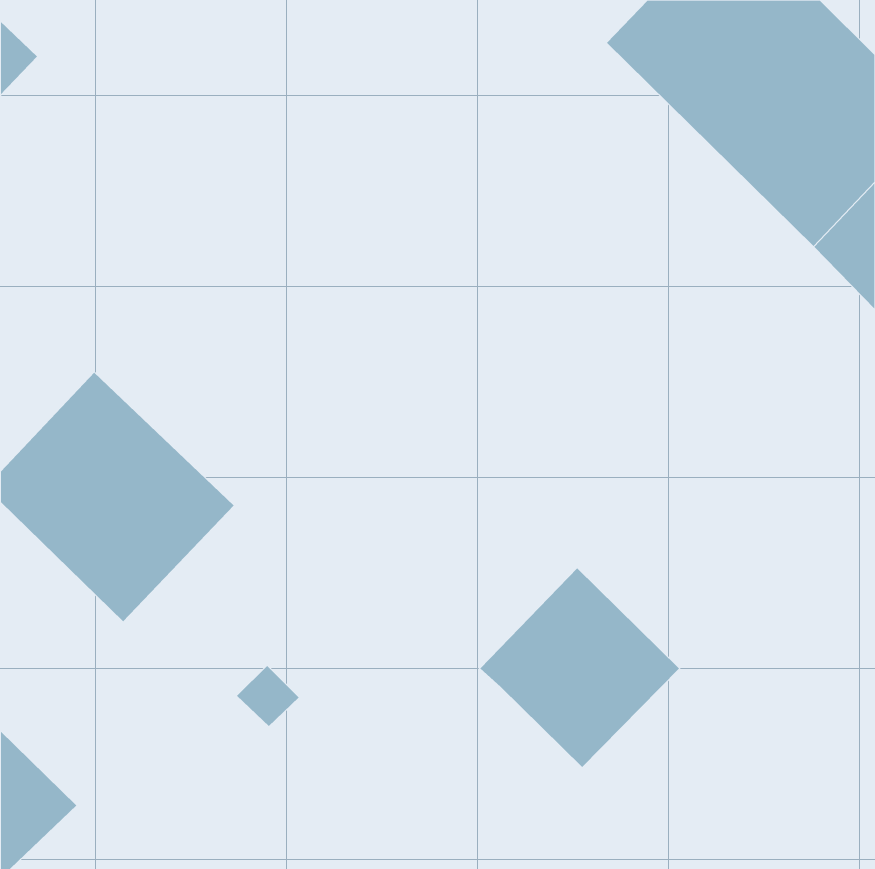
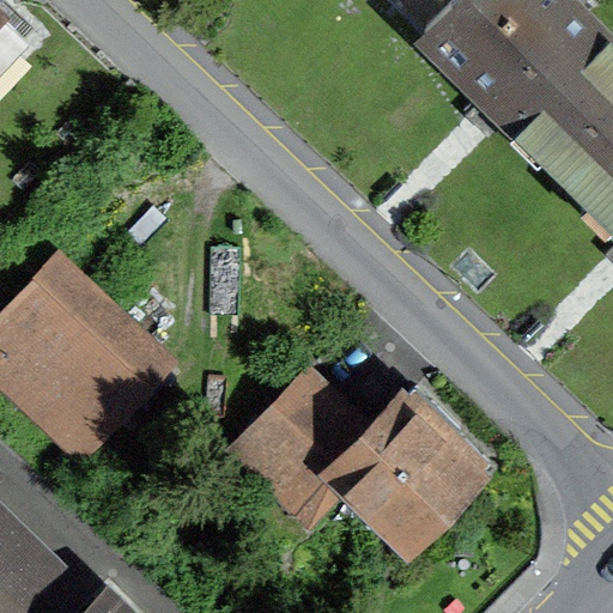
building: none -> [235,376,370,526]

